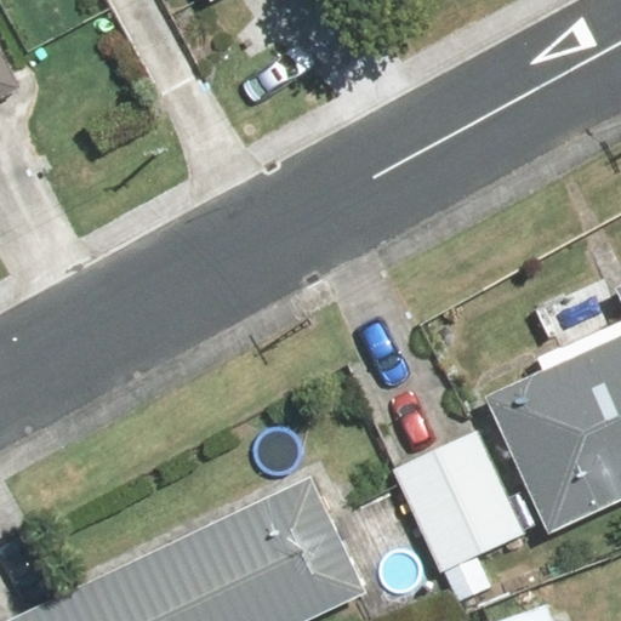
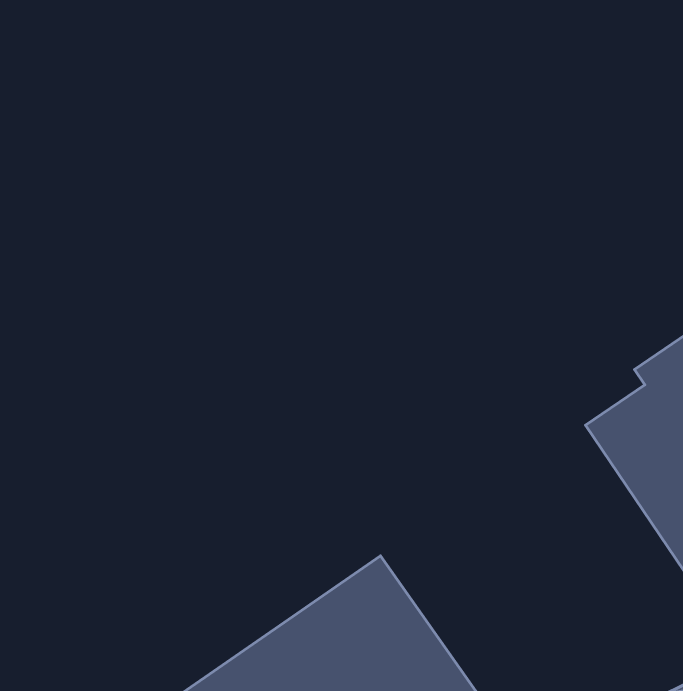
building: [393,434,523,574] -> none

